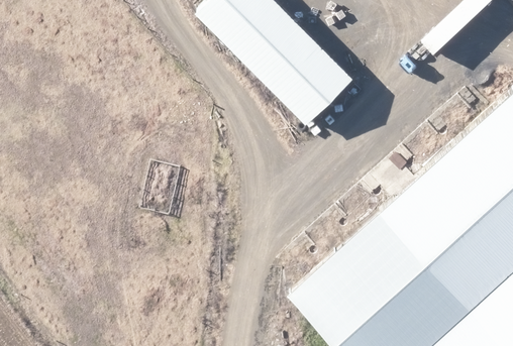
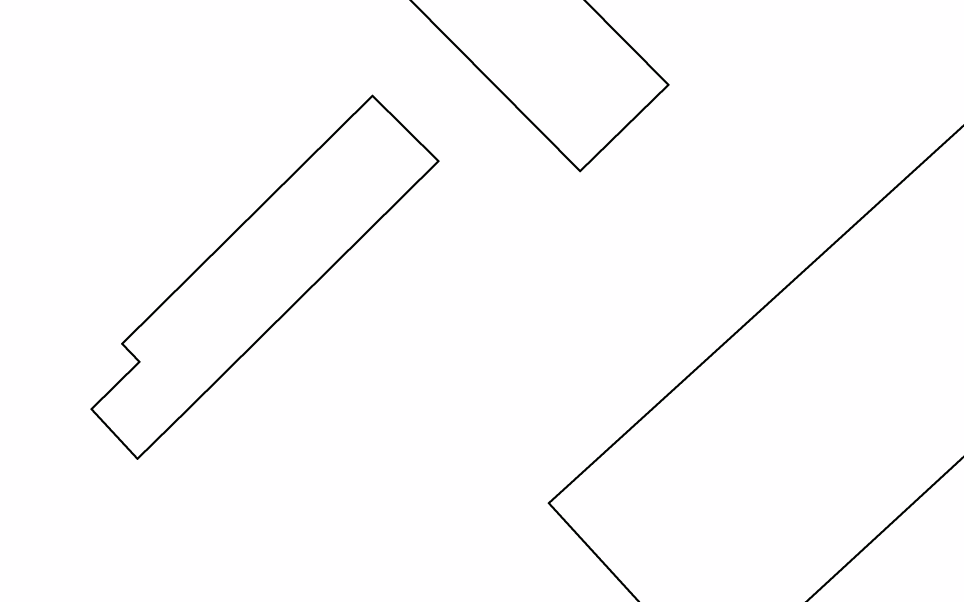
building: none -> [91,96,439,459]

